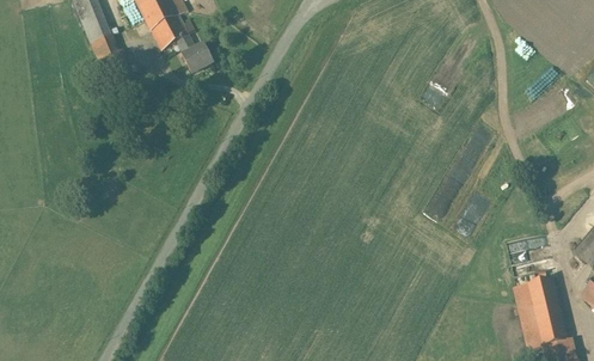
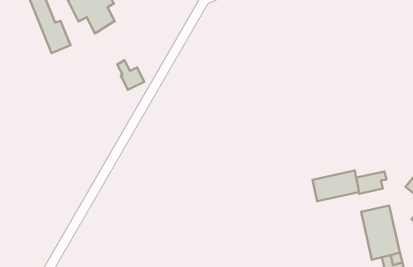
building: [178,32,214,72] -> [117,60,144,90]
building: none -> [312,170,359,201]

